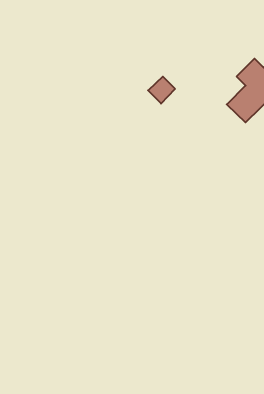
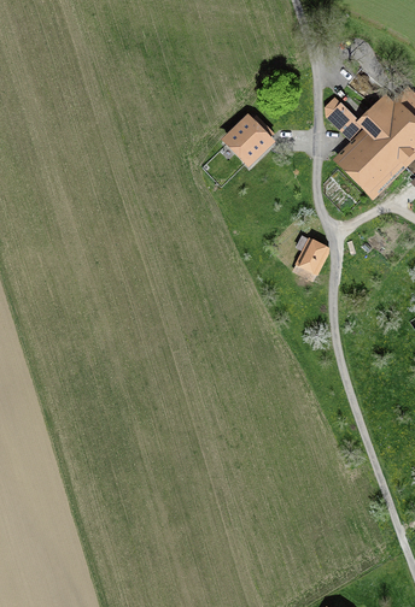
building: none -> [323,96,360,135]
building: none -> [292,241,322,277]

